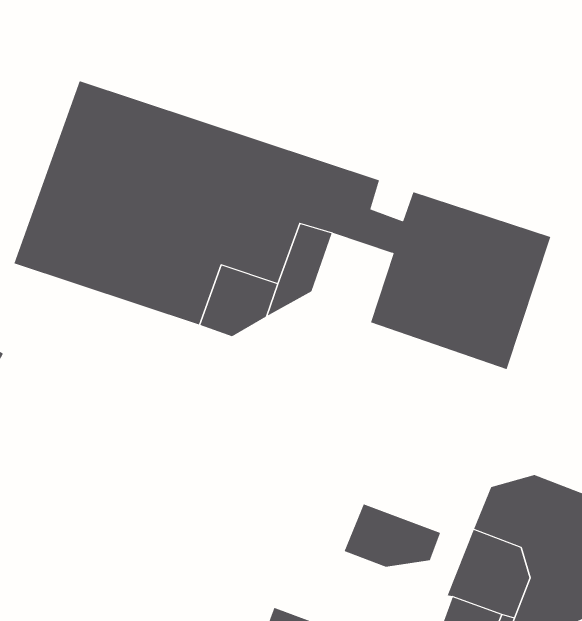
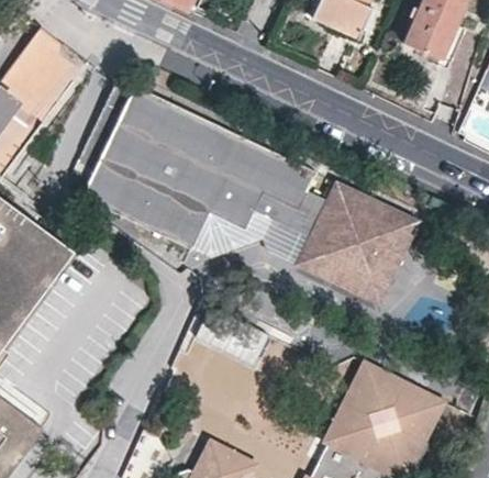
building: none -> [266,204,320,264]
building: [344,504,441,568] -> none

